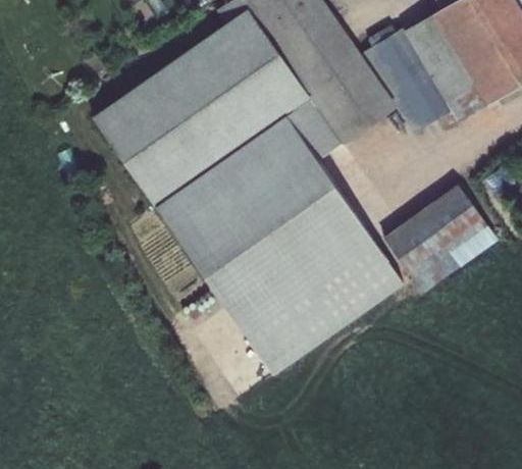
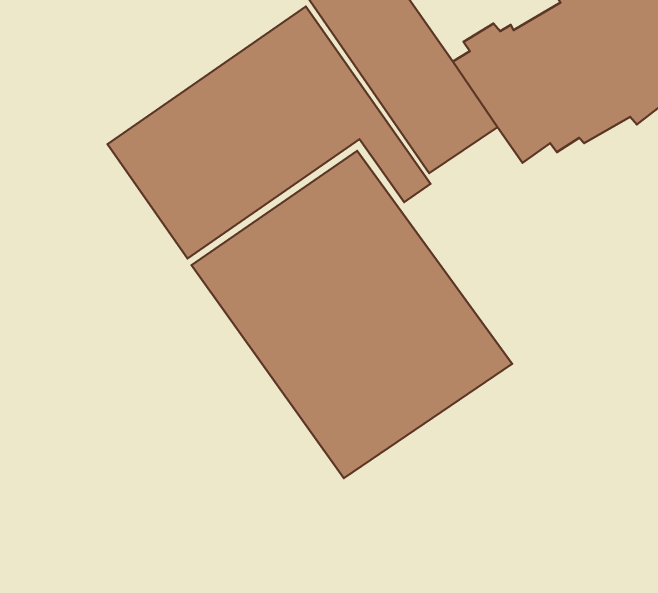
building: [384,183,497,289] -> none

